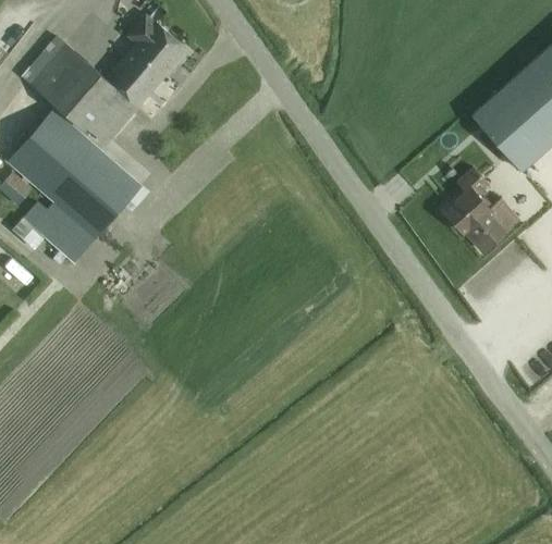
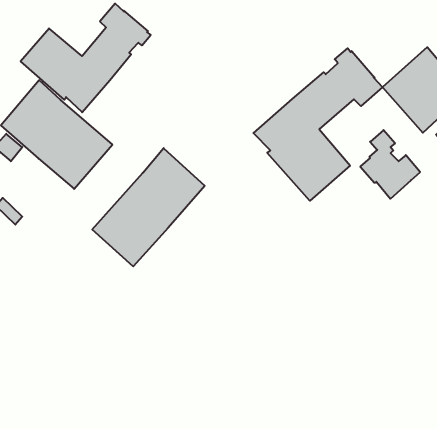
building: none -> [253,48,383,201]
building: none -> [92,148,205,266]
building: [12,200,96,263] -> none

